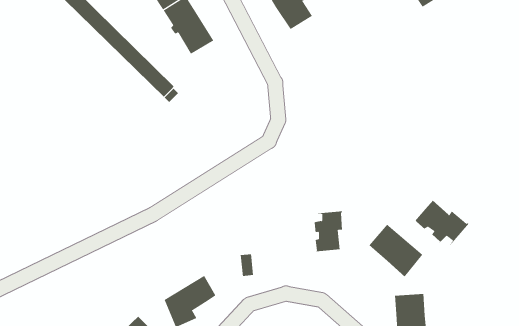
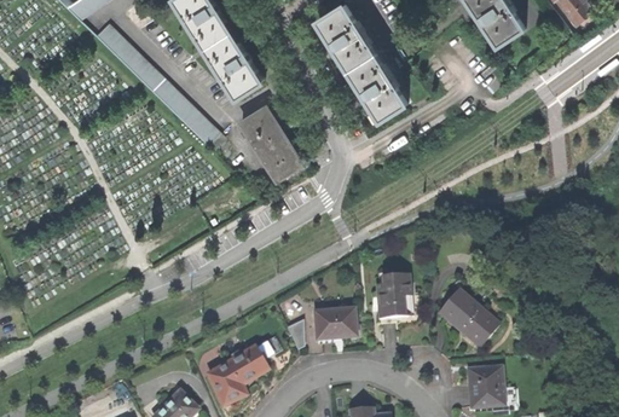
building: none -> [348,54,405,120]
building: none -> [238,106,301,183]
building: [414,200,469,245] -> none
building: none -> [313,311,353,340]

